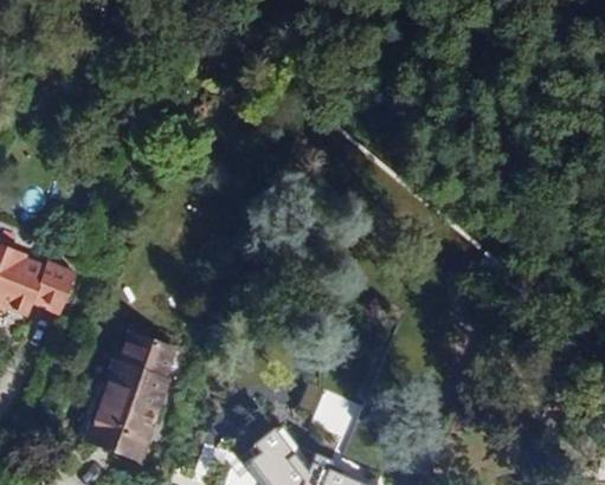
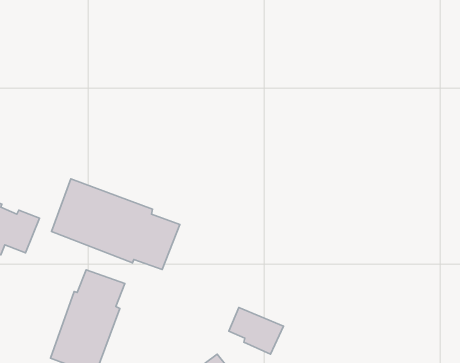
building: none -> [52,179,180,270]

